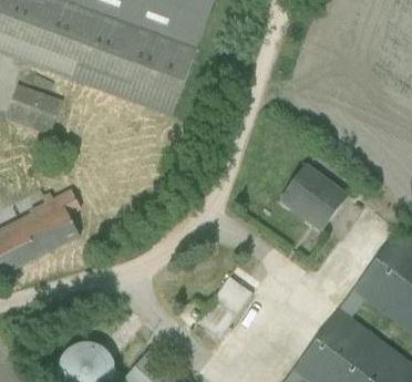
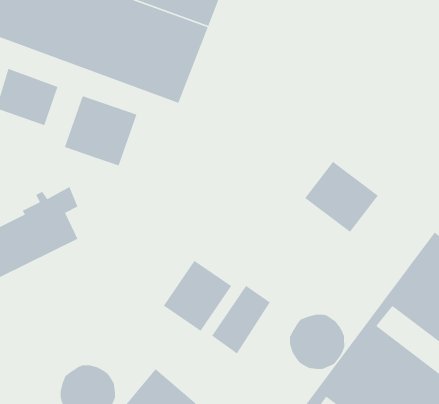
building: none -> [64,95,137,167]
building: none -> [163,260,232,332]
building: none -> [289,314,345,370]

